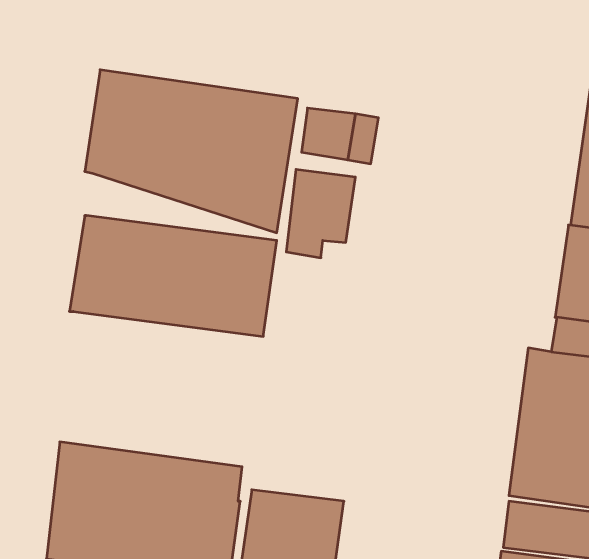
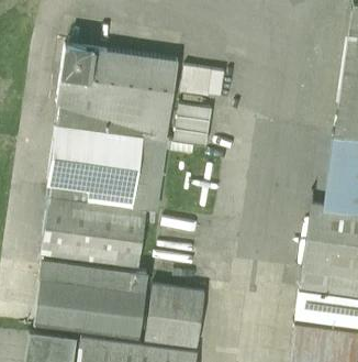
building: none -> [58,105,167,143]
building: none -> [42,184,159,267]

